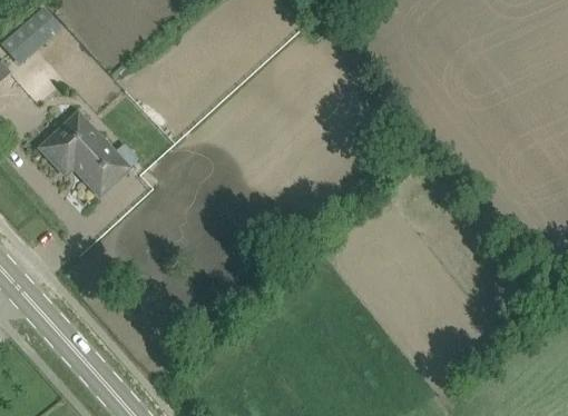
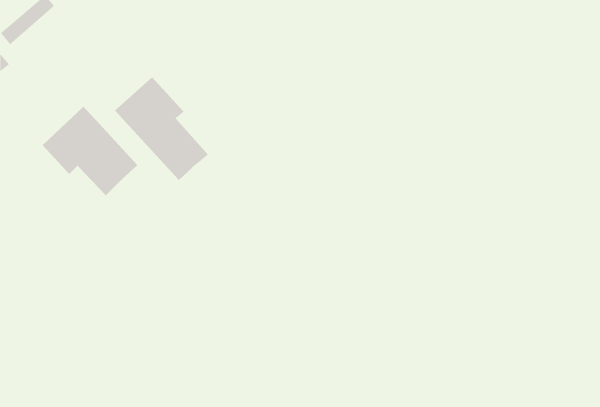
building: none -> [114,77,209,181]

